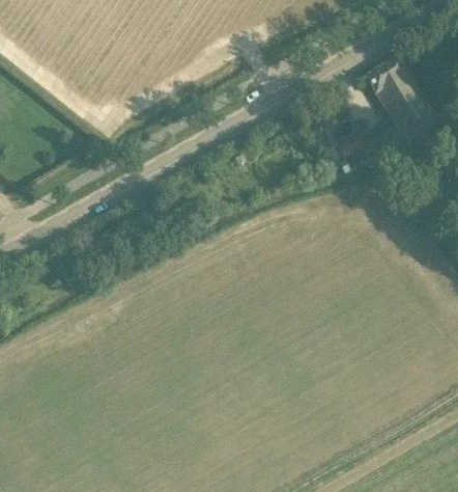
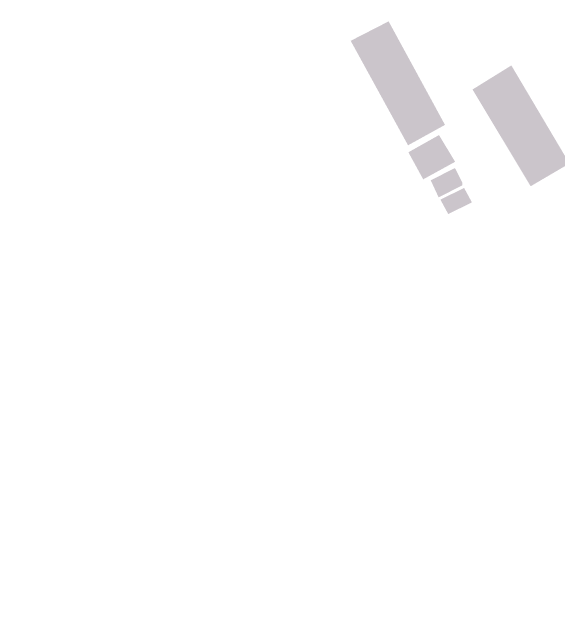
building: none -> [350,20,446,146]

